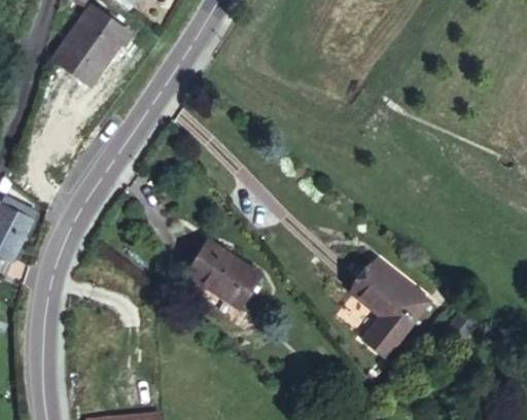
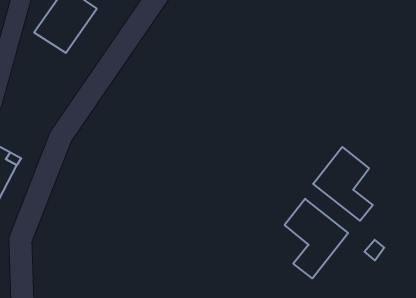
building: none -> [313,147,373,221]
building: [186,241,259,308] -> none

